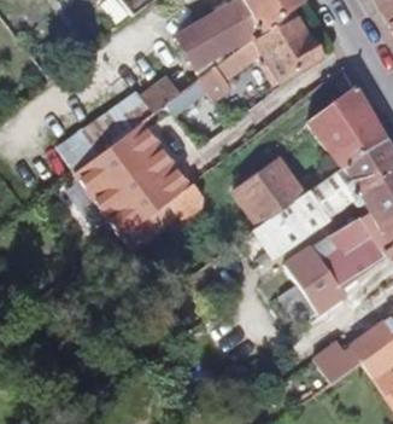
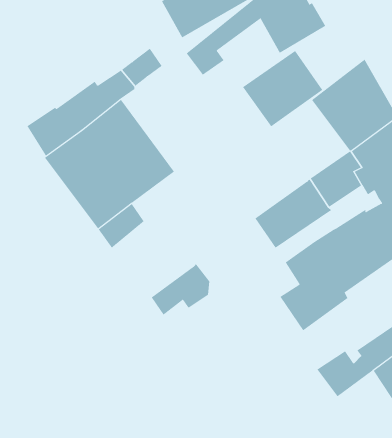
building: [234,158,305,226] -> [242,50,323,127]
building: [152,182,204,228] -> [151,263,210,316]

